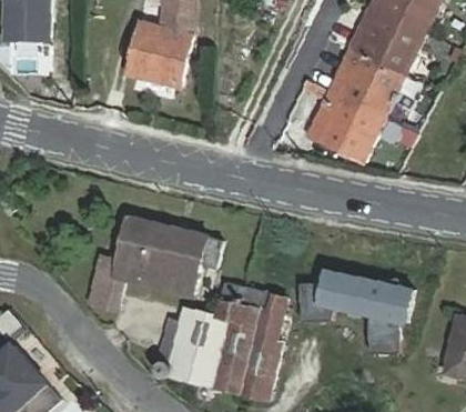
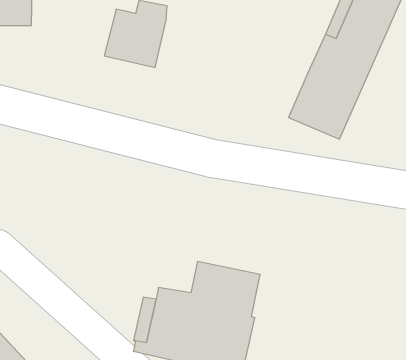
building: [87,218,220,309] -> none
building: [298,270,414,353] -> none

